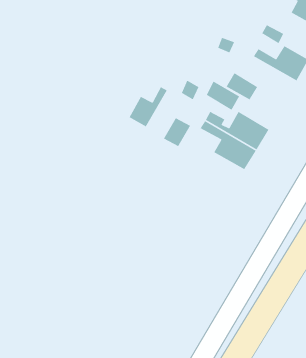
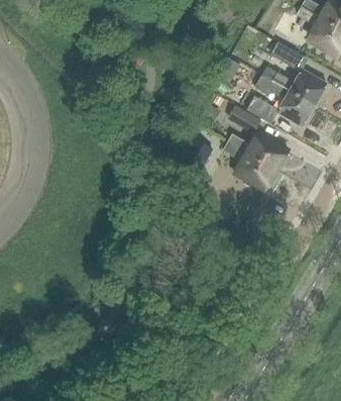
building: none -> [255,75,315,125]
building: [128,86,168,128] -> none

